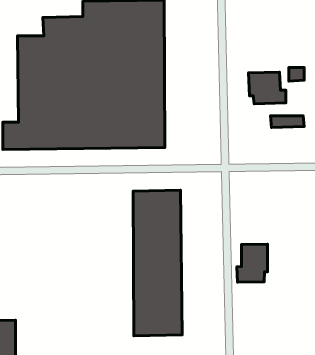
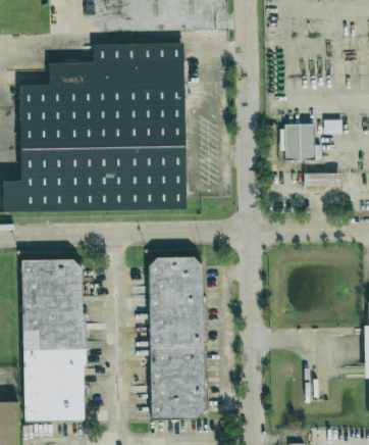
building: none -> [22,259,85,422]
building: [237,244,268,282] -> none

